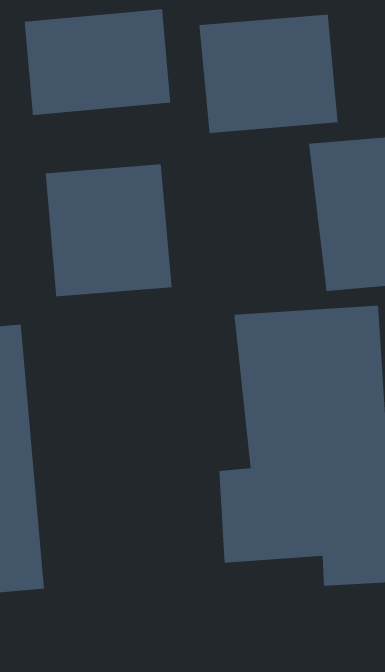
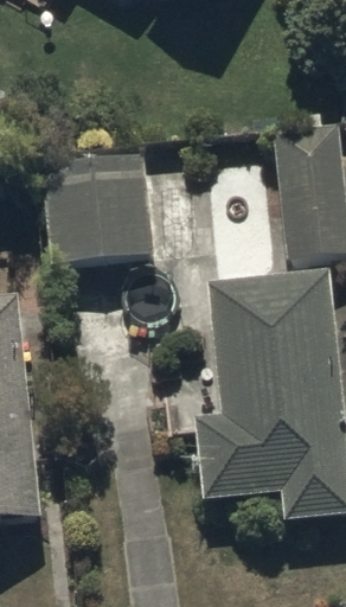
building: [24,9,171,116] -> none
building: [199,14,338,134] -> none

